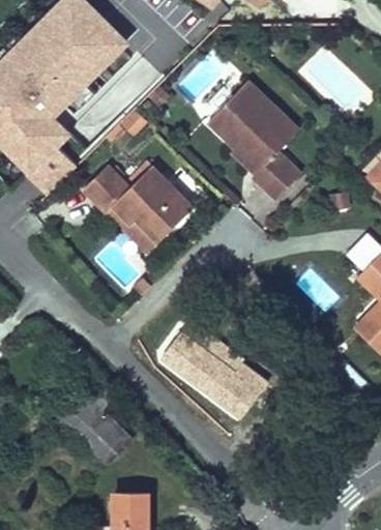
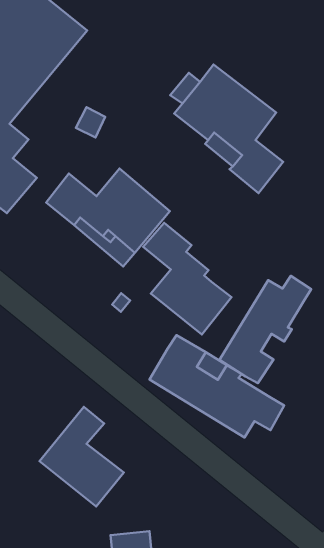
building: none -> [143,223,231,334]
building: none -> [220,276,311,383]

